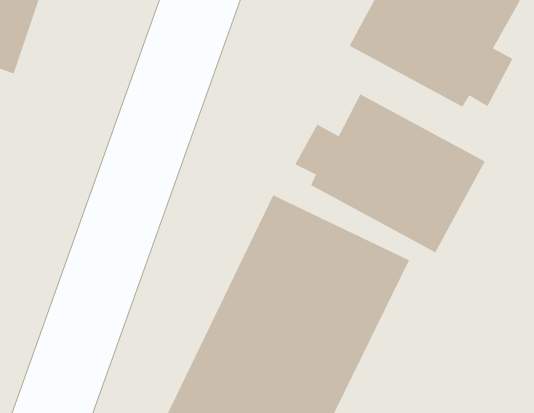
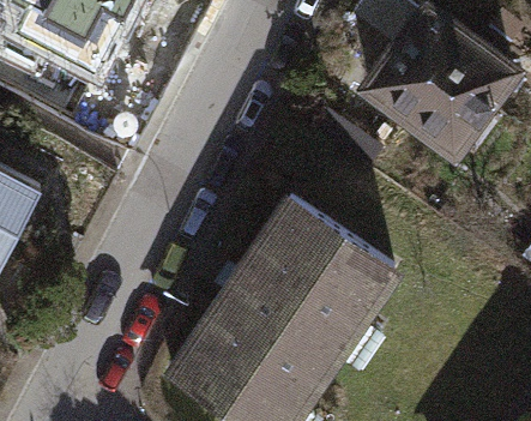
building: [295,93,485,253] -> none

